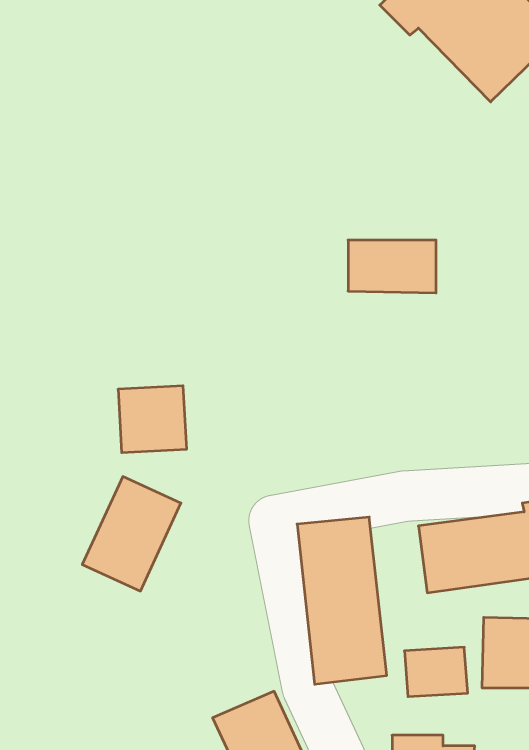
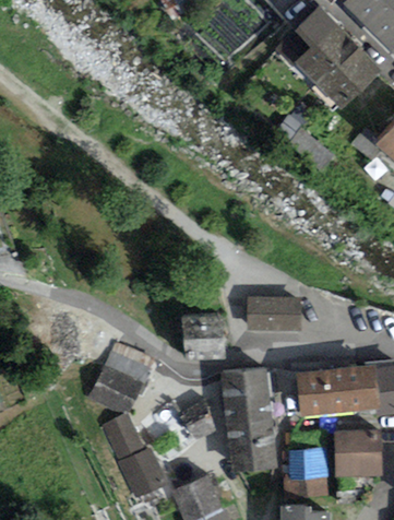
building: [348,240,436,293] -> [247,298,301,331]
building: [118,386,187,453] -> [182,315,225,356]
building: none -> [99,415,167,499]

